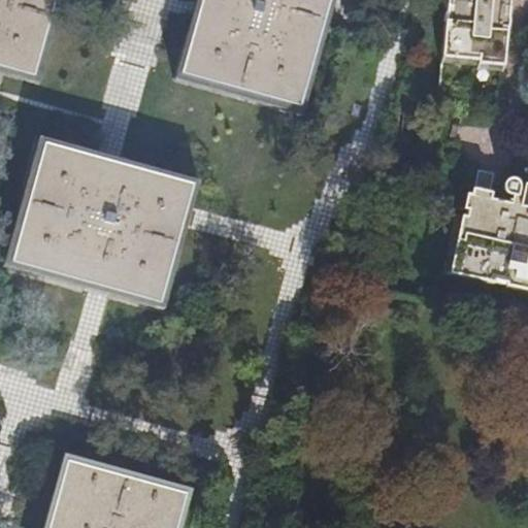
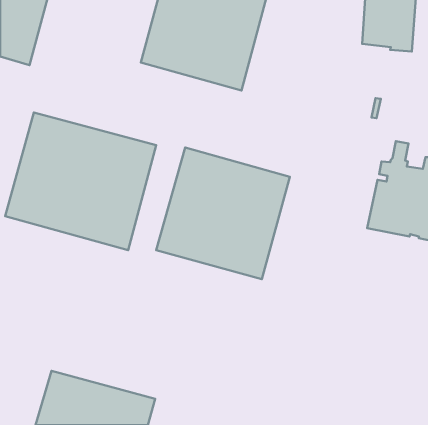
building: none -> [156,147,290,279]

